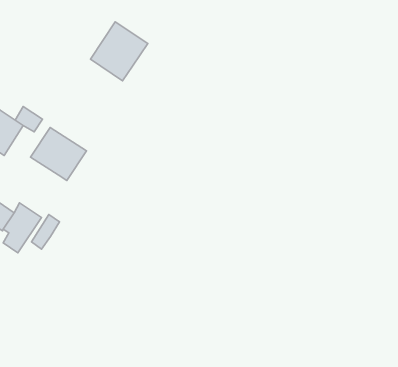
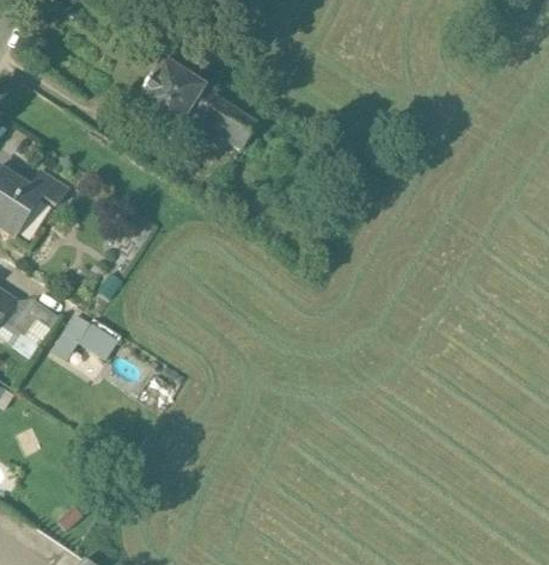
building: none -> [184,87,257,147]
building: [30,128,86,180] -> none
building: none -> [77,321,117,358]

